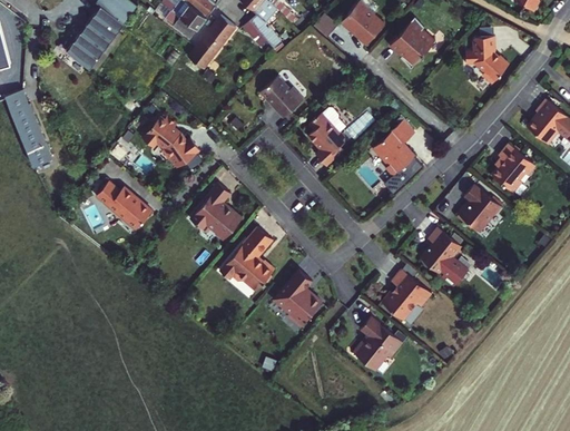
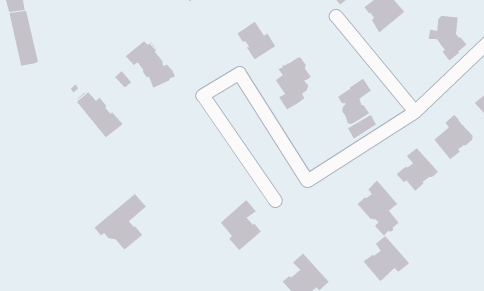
building: [190,183,242,241] -> none
building: [219,227,274,291] -> [93,193,147,250]
building: [380,268,431,320] -> [363,235,410,282]

